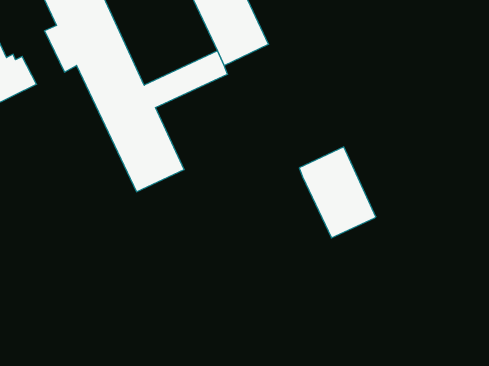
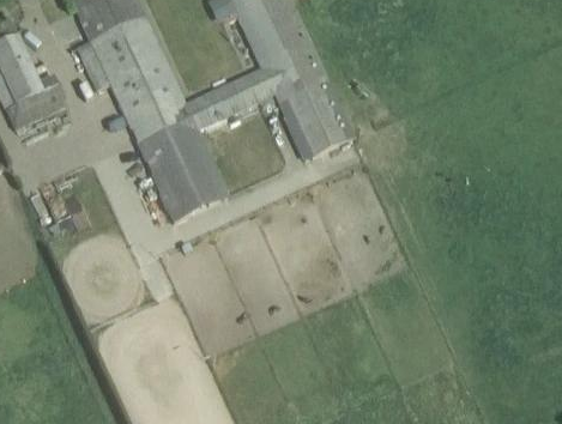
building: [299,147,376,238] -> [270,60,352,158]

